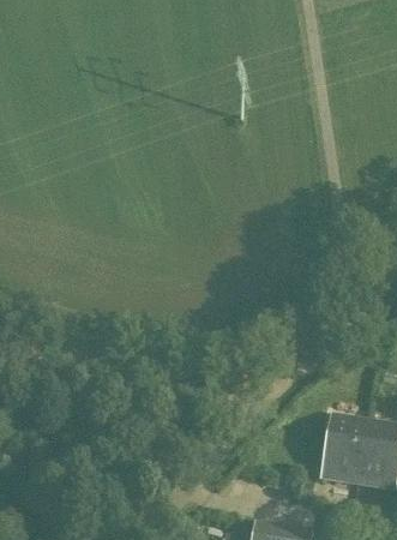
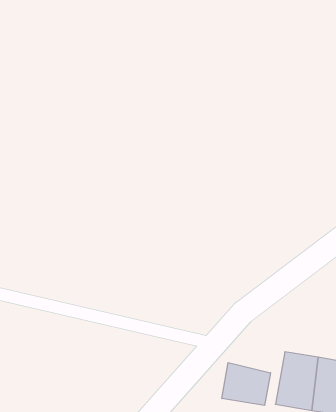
building: none -> [222,363,271,405]

